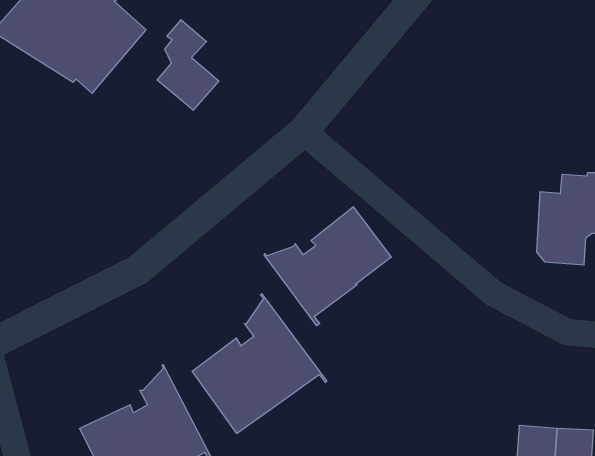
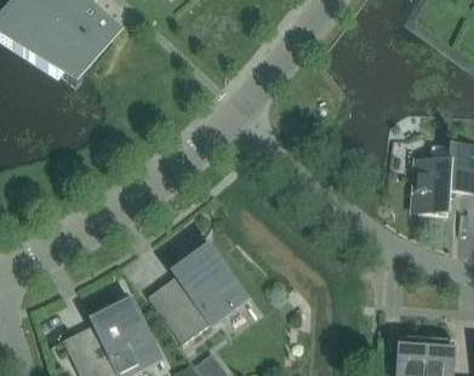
building: [157,20,219,110] -> none
building: [264,207,391,326] -> none

